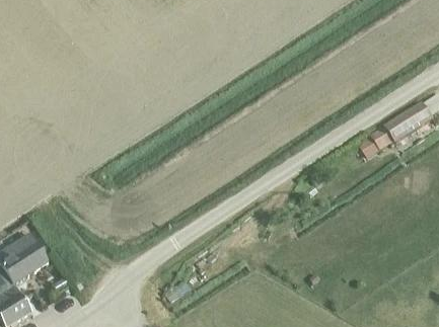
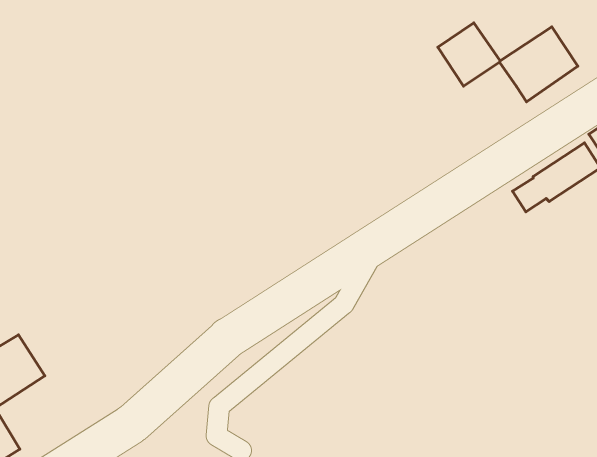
building: none -> [438,23,578,102]

